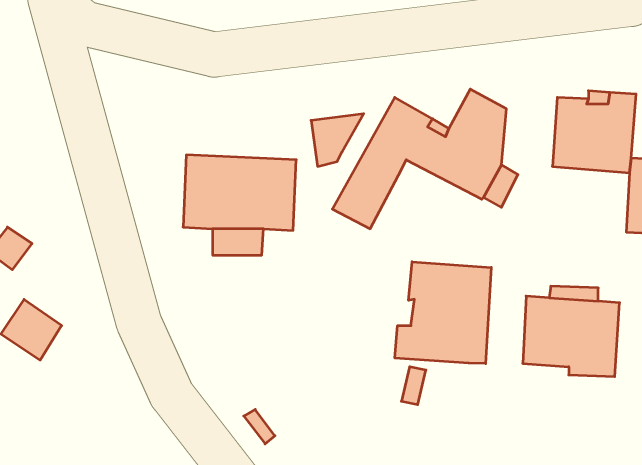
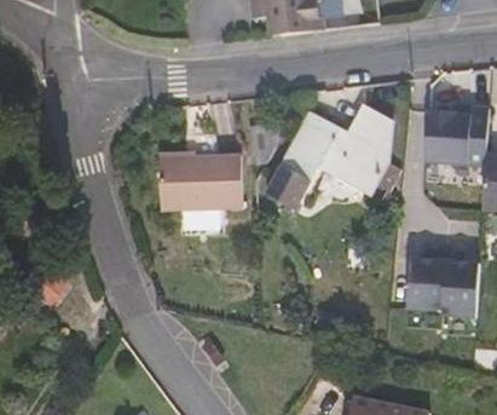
building: [395,262,491,364] -> none

